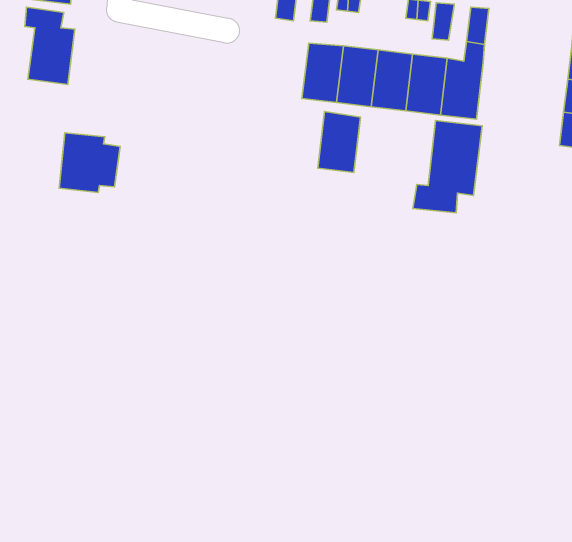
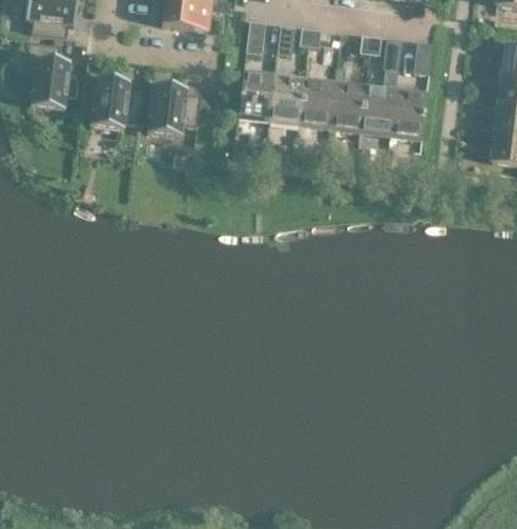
building: none -> [147,84,201,136]
building: [318,111,361,172] -> [237,68,275,121]
building: [413,121,482,213] -> none
building: [59,133,120,192] -> [90,76,143,128]

